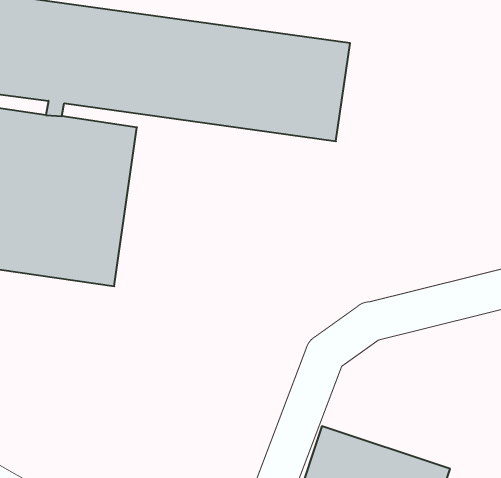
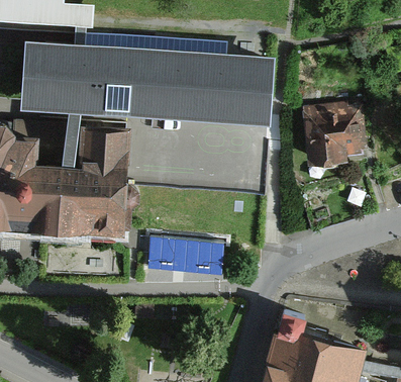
building: none -> [303,97,369,156]

